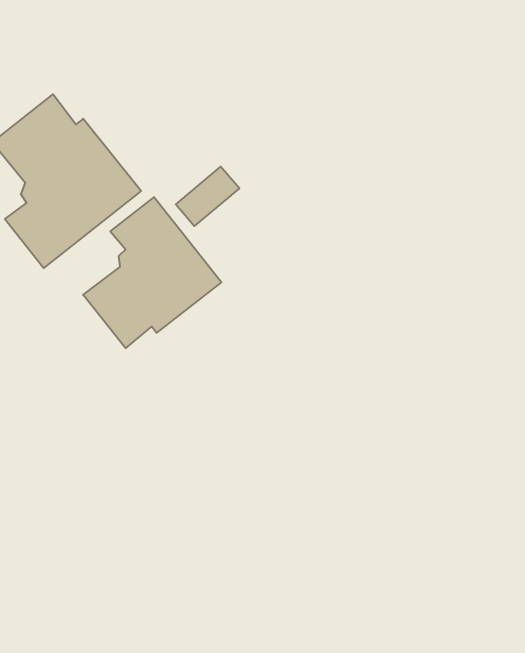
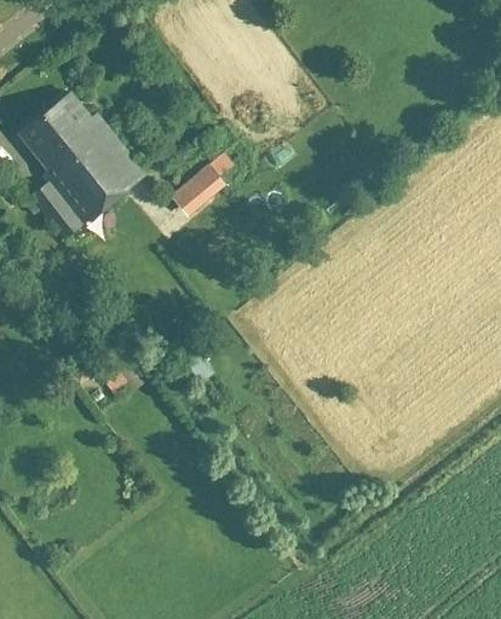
building: [83,197,221,348] -> none

